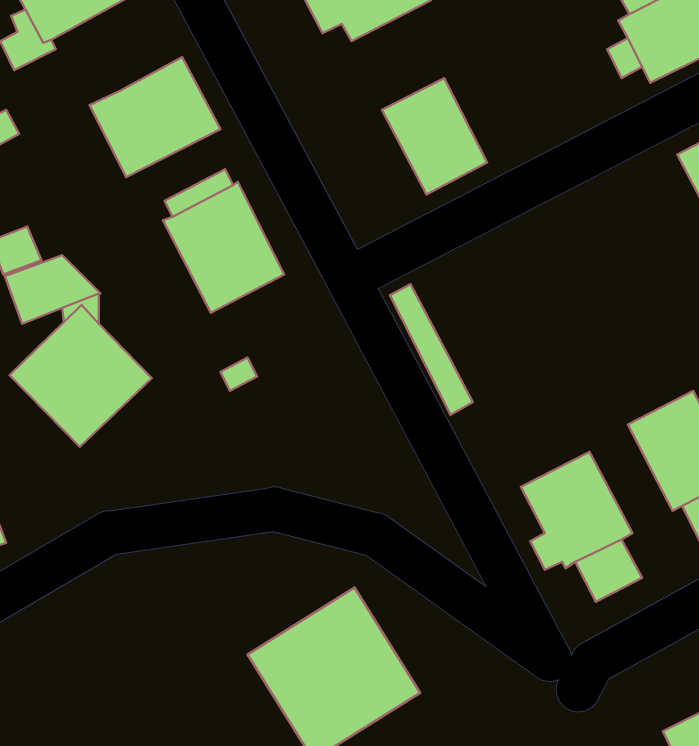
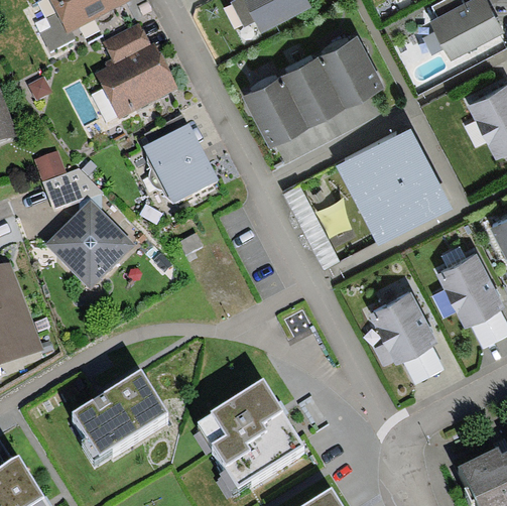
building: none -> [103,22,152,65]
building: none -> [320,36,386,110]
building: none -> [242,77,308,150]
building: none -> [335,127,452,247]
building: none -> [72,370,167,456]

